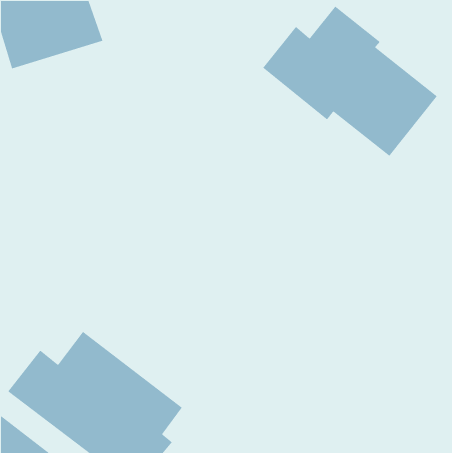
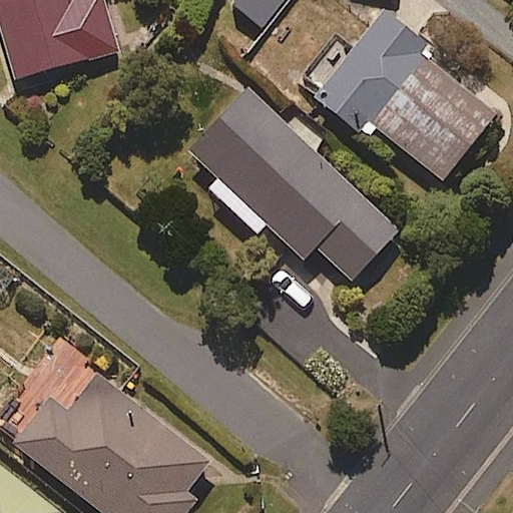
building: none -> [186,86,399,280]

